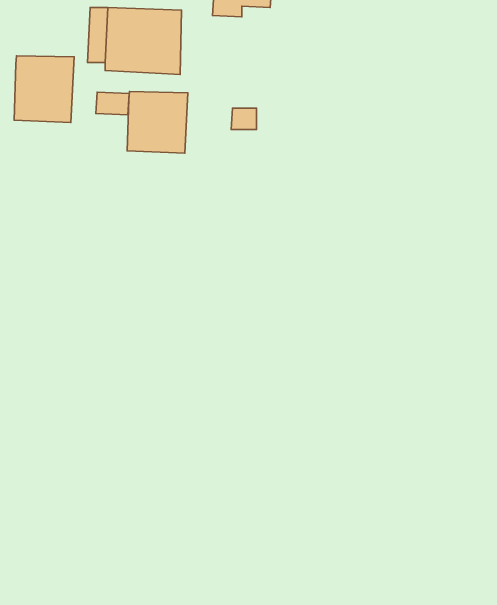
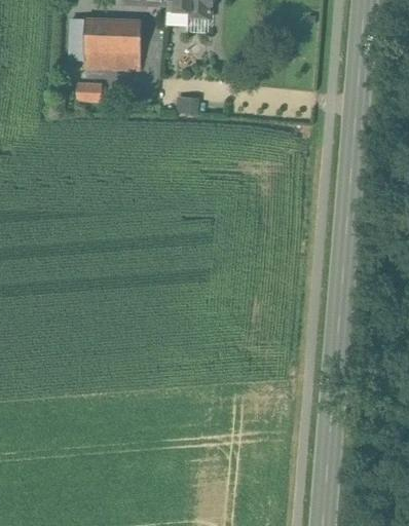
building: [14,56,74,123] -> none
building: [127,92,188,153] -> none

